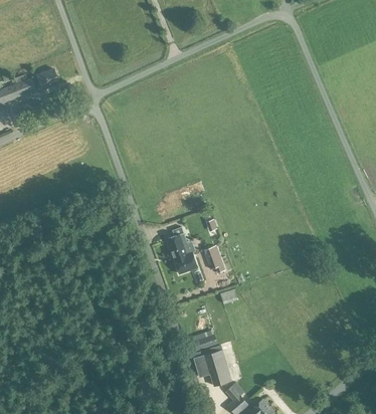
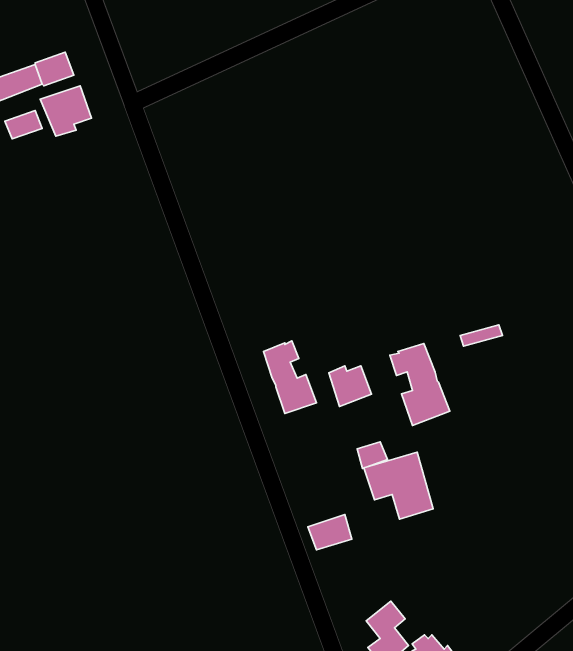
building: none -> [40,86,92,136]
building: none -> [390,343,450,426]
building: [193,349,232,387] -> [364,452,433,519]

